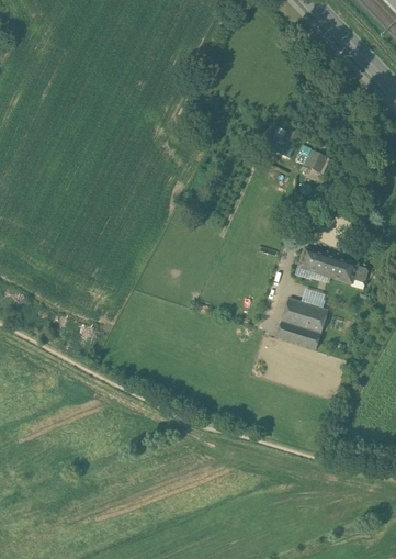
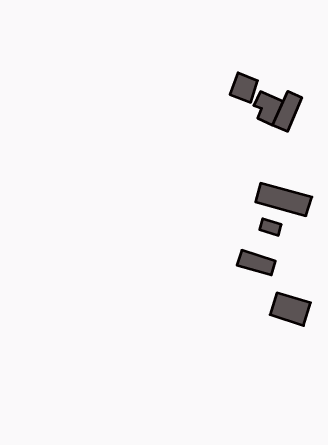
building: none -> [272,91,302,131]
building: [282,298,327,334] -> [270,293,311,326]

